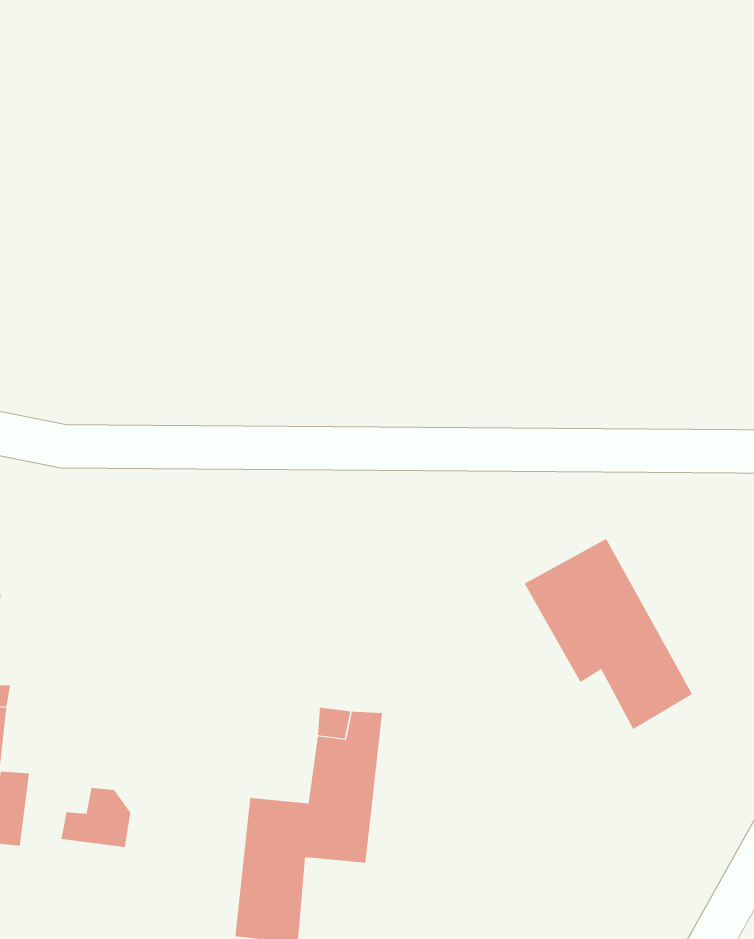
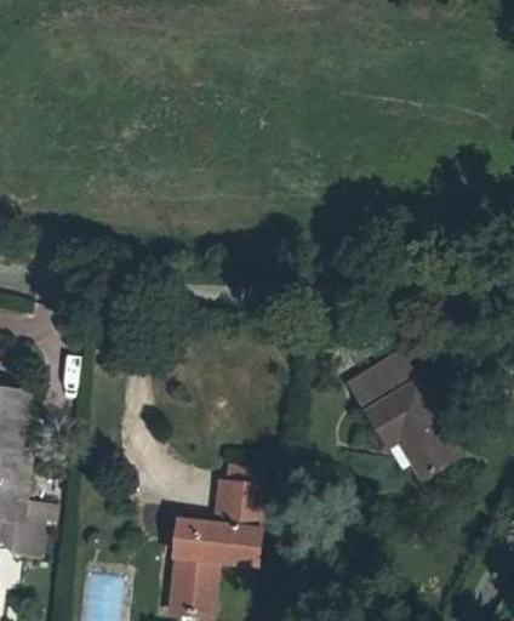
building: [61,787,131,848] -> none

